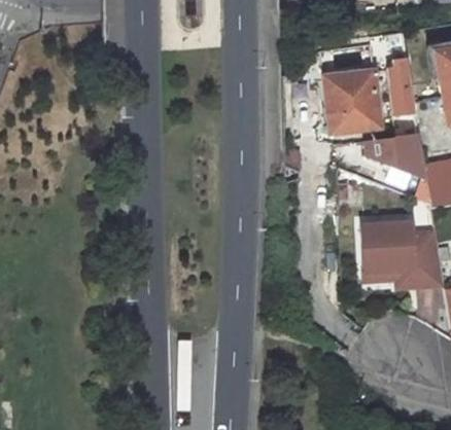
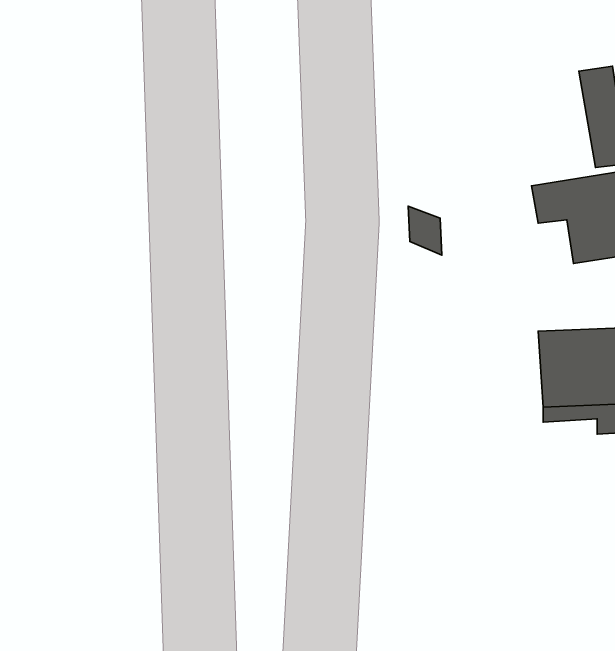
building: [323,69,380,134] -> none

